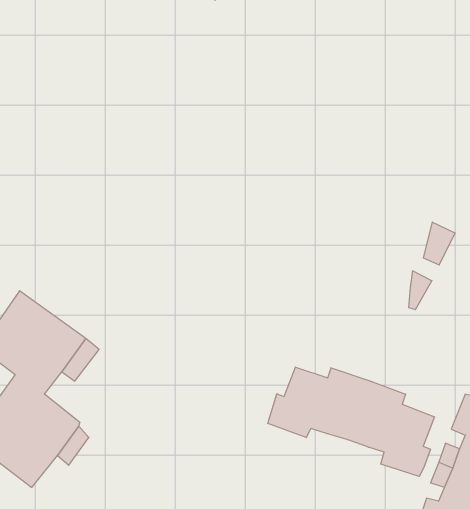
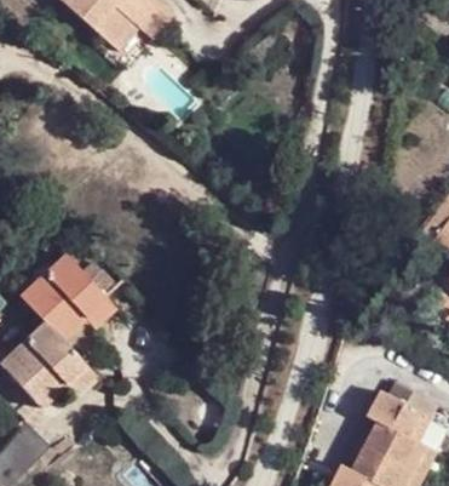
building: [268,367,435,476] -> none

